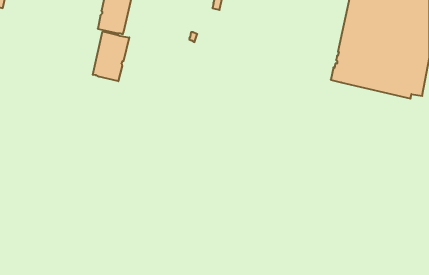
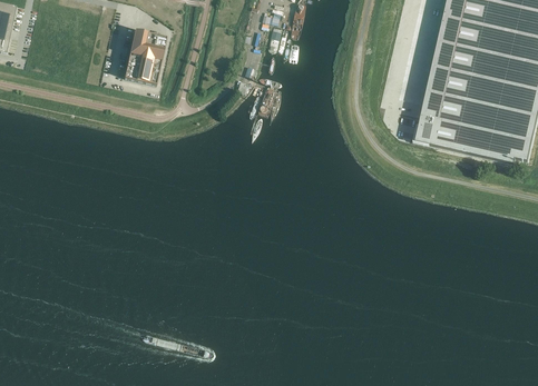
building: [93,32,129,81] -> none

